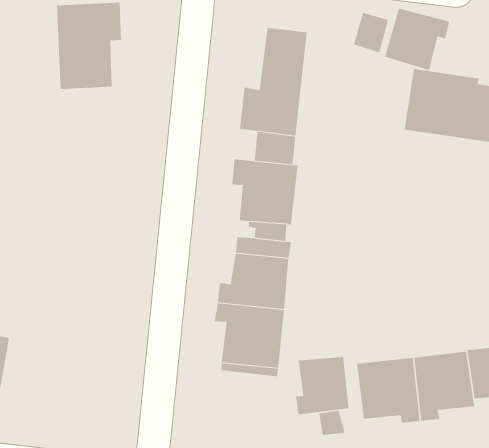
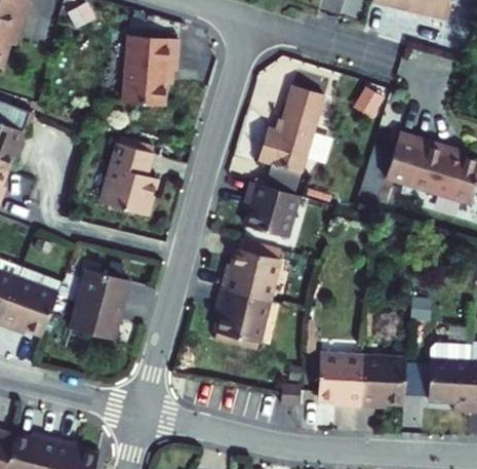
building: [385,8,450,71] -> none
building: none -> [97,142,154,213]
building: none -> [67,269,126,340]
building: [295,356,349,415] -> none

